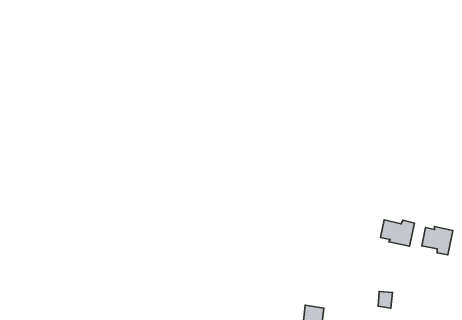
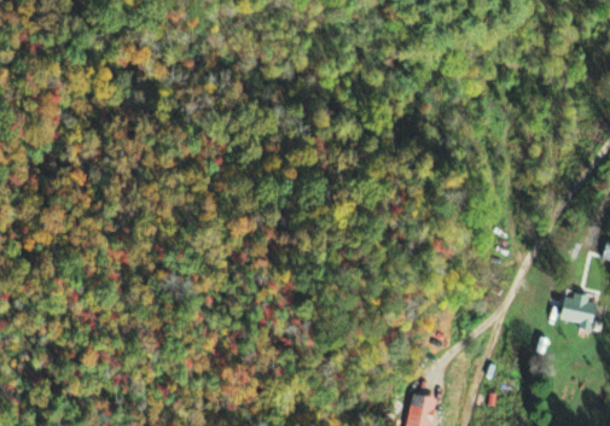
building: [380,220,415,246] -> none

